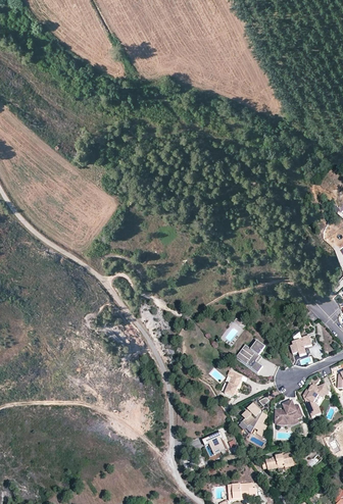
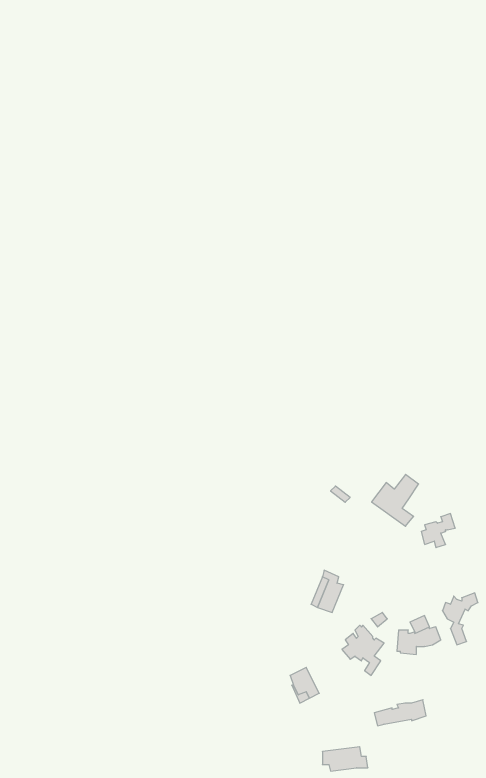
building: [236,340,265,372] -> [372,474,419,526]

